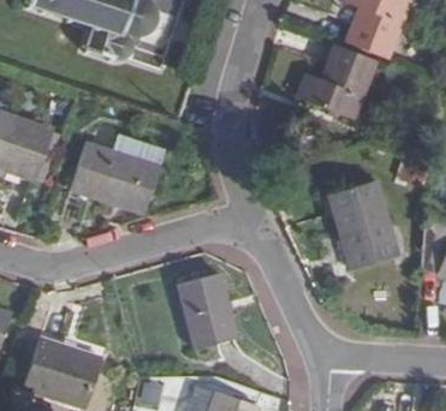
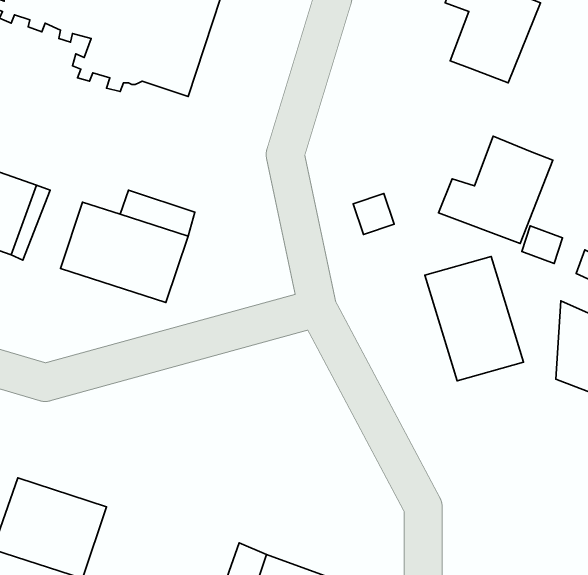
building: [296,43,376,119] -> [439,136,553,244]
building: [179,274,237,351] -> none

